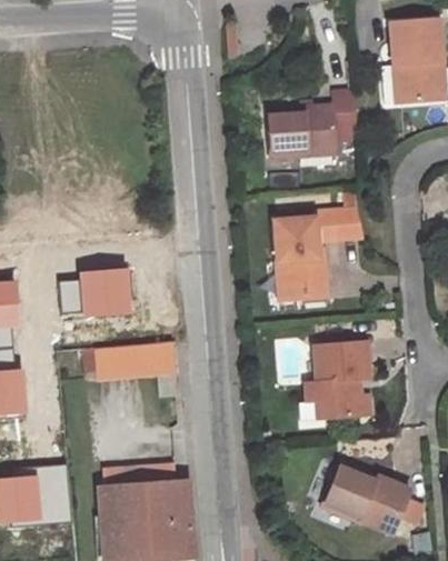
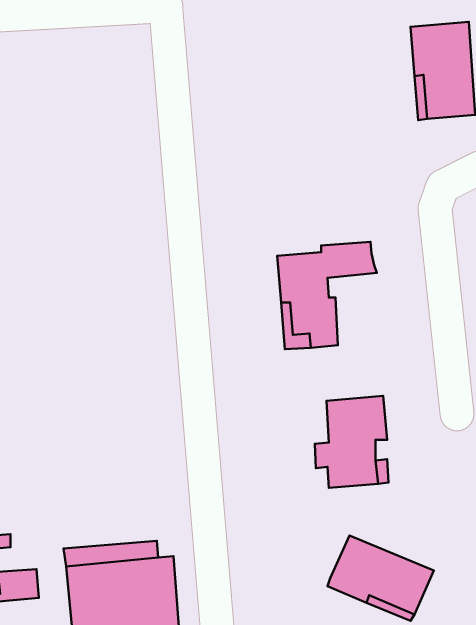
building: [268,93,356,160] -> none
building: [81,271,127,314] -> none
building: [99,340,177,377] -> none

